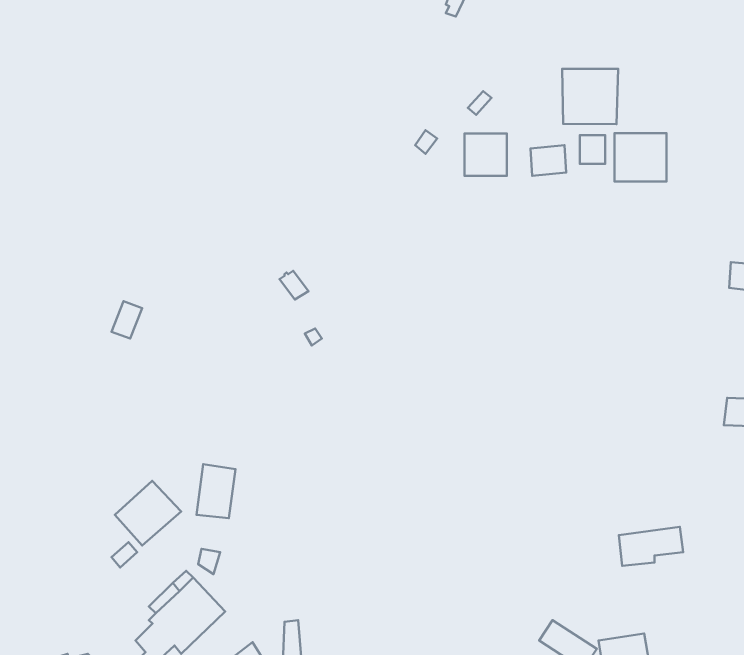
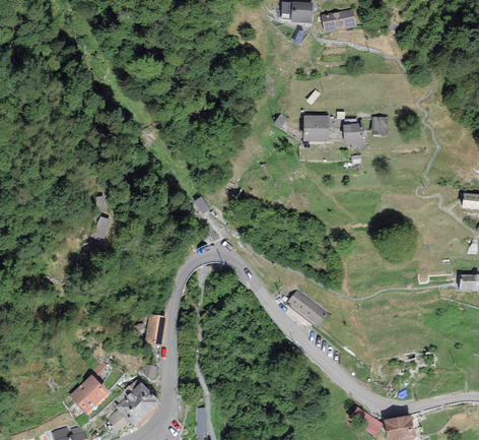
building: [562,69,618,124] -> none
building: [615,133,667,181] -> none
building: none -> [286,290,329,327]
building: [115,481,181,545] -> [69,374,109,413]

